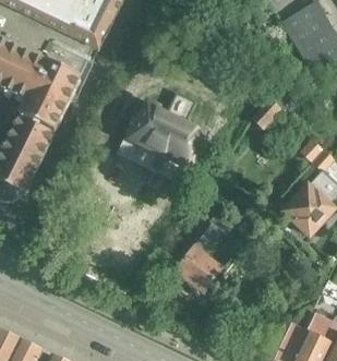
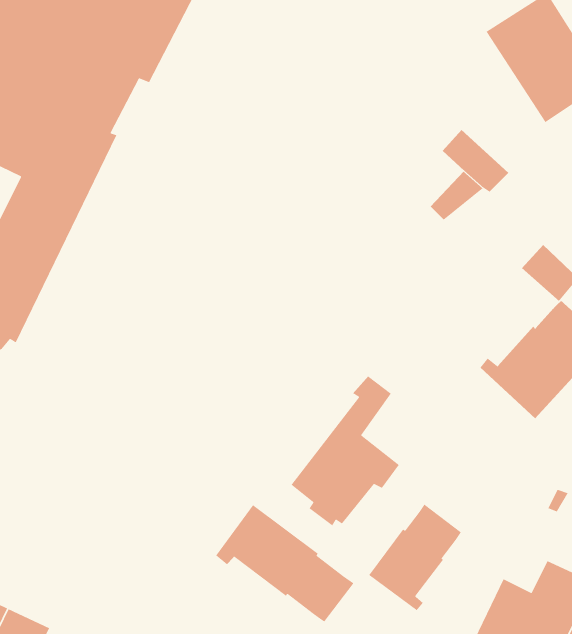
building: [124,94,206,167] -> none
building: none -> [368,504,462,611]
building: none -> [215,504,355,623]

